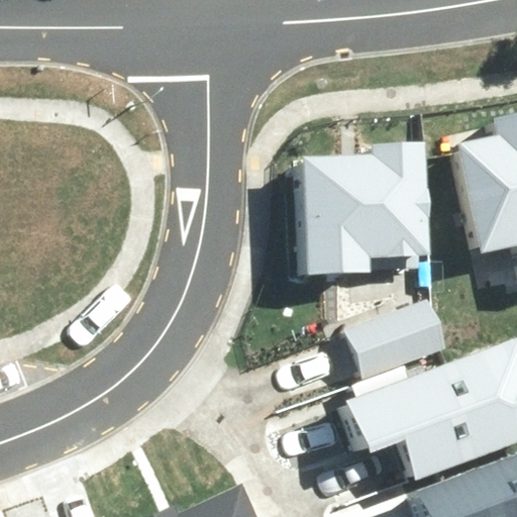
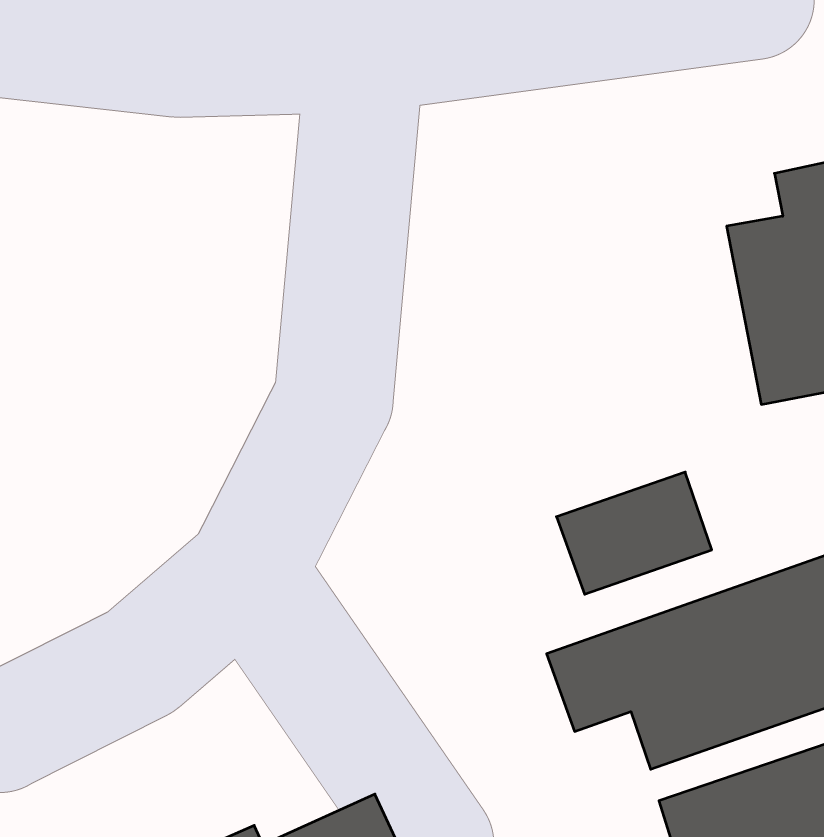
building: [303,142,421,274] -> none

